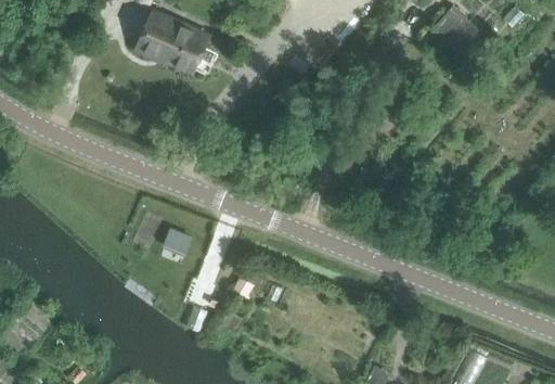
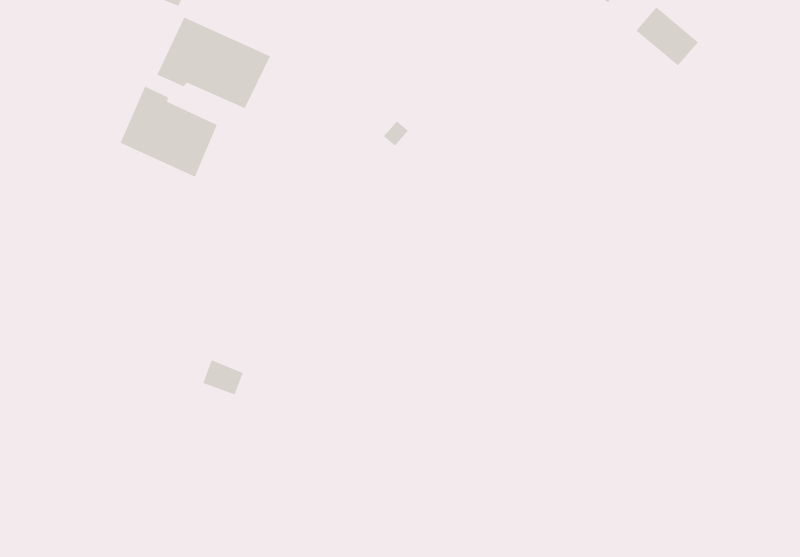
building: none -> [120,86,218,177]

